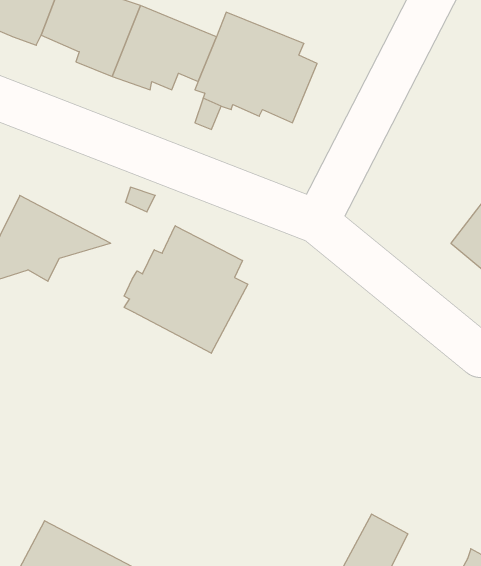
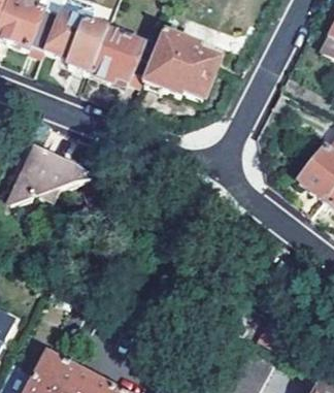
building: [124,226,248,353] -> none

